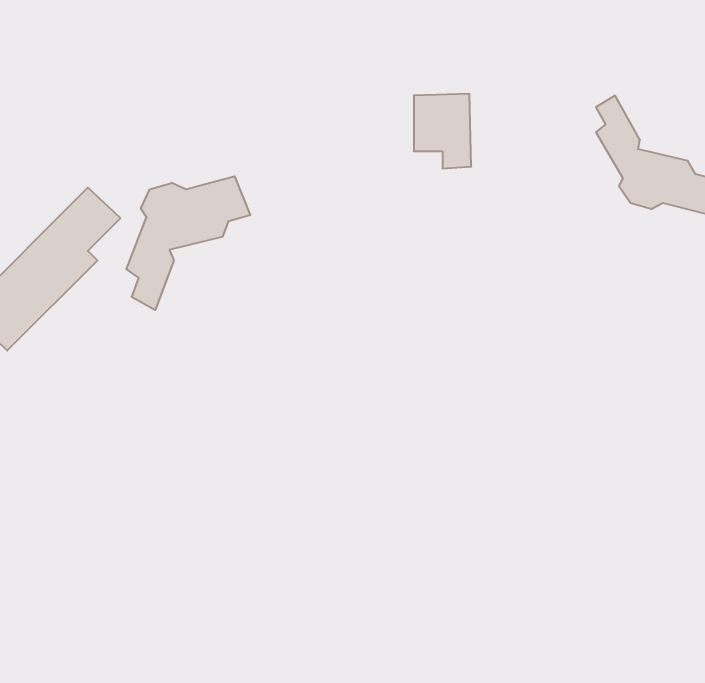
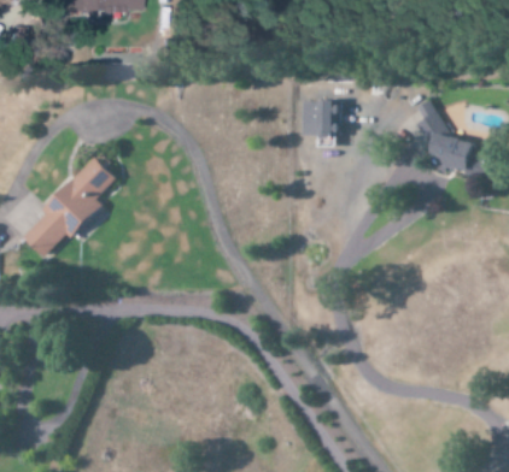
building: [126,176,250,310] -> none

